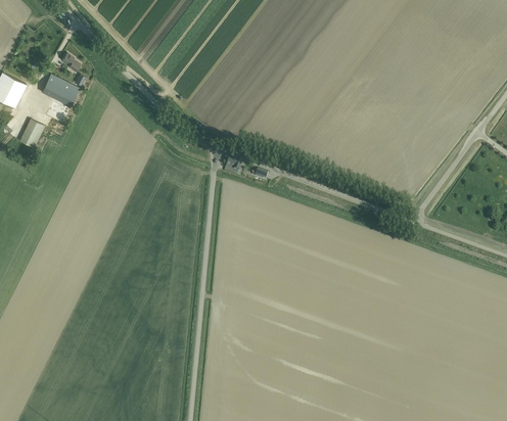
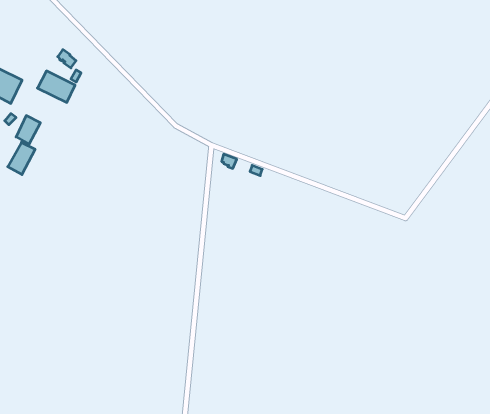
building: none -> [8,142,35,175]

